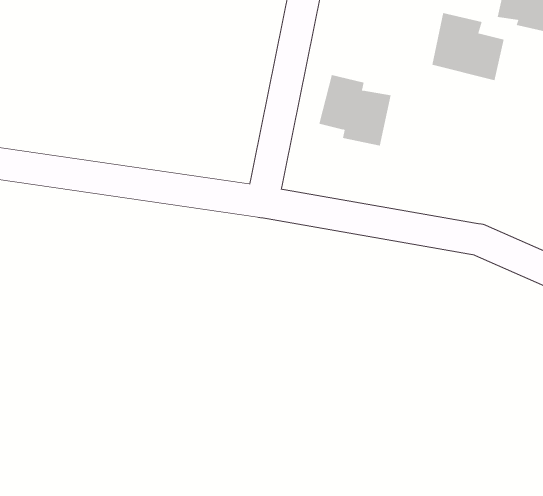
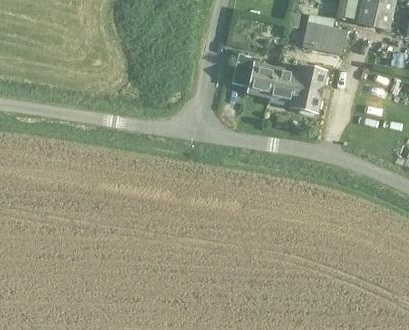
building: none -> [270,64,328,113]

